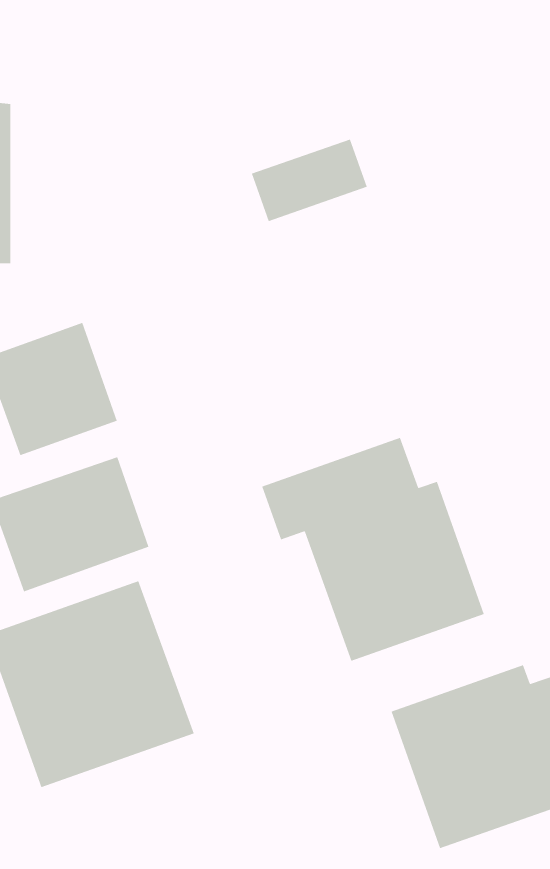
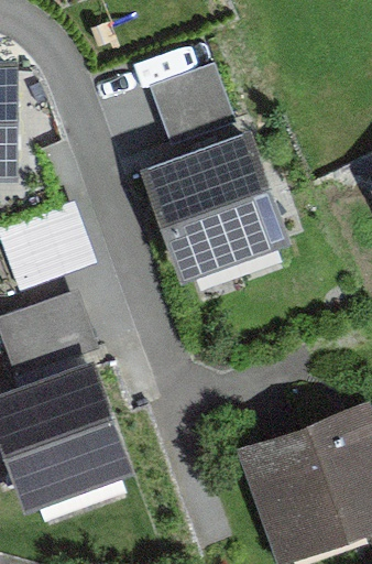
building: none -> [150,142,281,273]
building: [261,437,485,662] -> none

